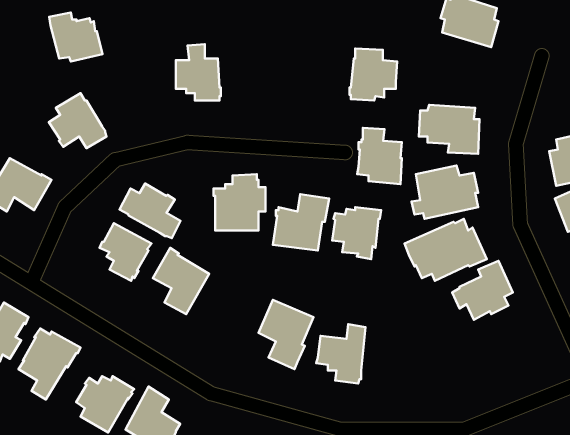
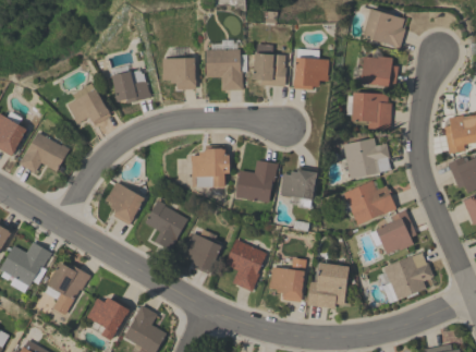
building: [49,12,103,61] -> [110,66,150,104]
building: none -> [206,39,246,90]
building: none -> [359,57,398,89]
building: [357,128,402,184] -> [252,45,285,87]
building: [119,183,181,238] -> none
building: none -> [183,231,221,275]
building: none -> [378,253,434,304]
building: none -> [307,263,349,309]

